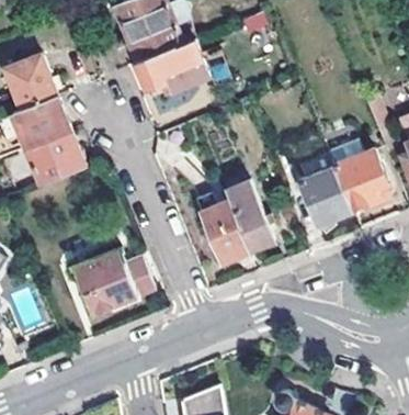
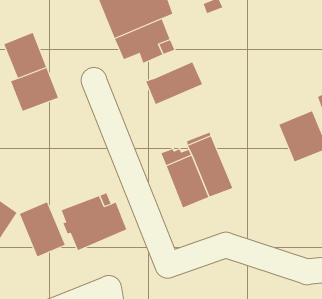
building: none -> [146,62,203,105]
building: [27,134,84,184] -> none
building: [297,166,351,225] -> none
building: none -> [19,201,65,257]

